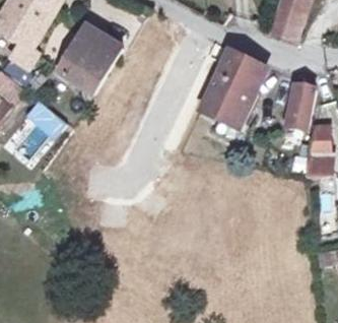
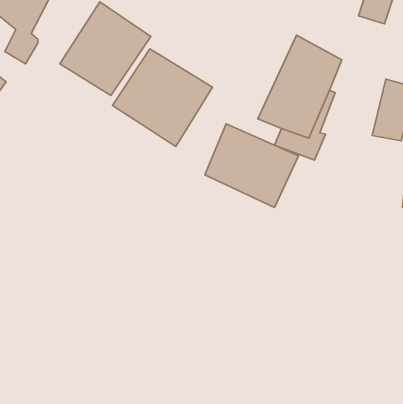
building: none -> [112,49,212,146]
building: none -> [205,124,298,208]

